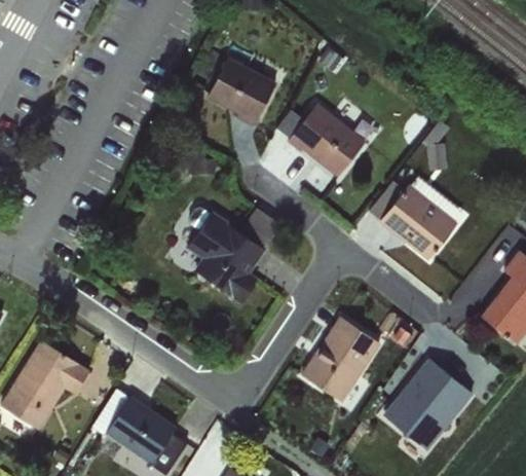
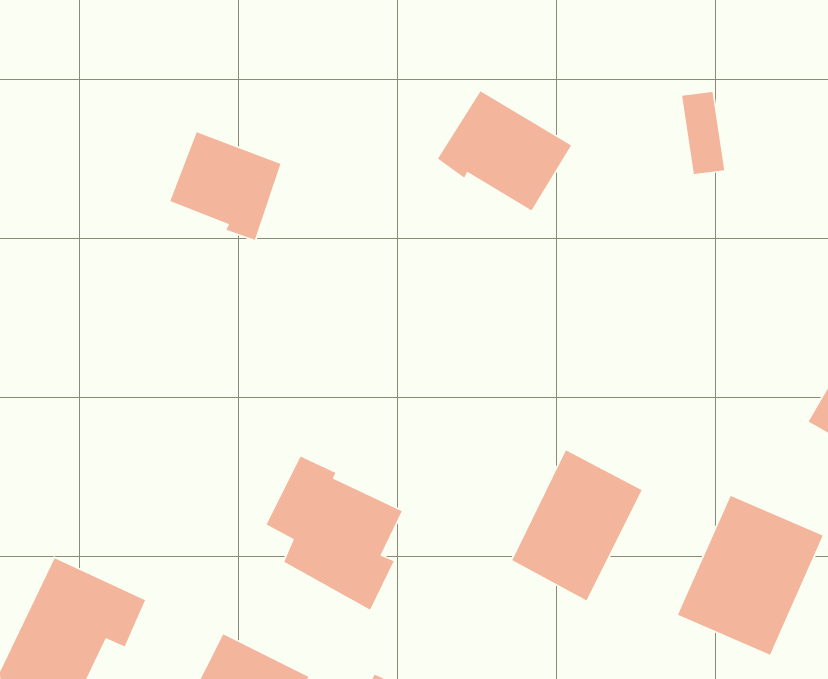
building: [208,58,274,124] -> [169,131,282,241]
building: [378,176,461,260] -> none
building: [186,211,265,304] -> [266,455,403,611]

